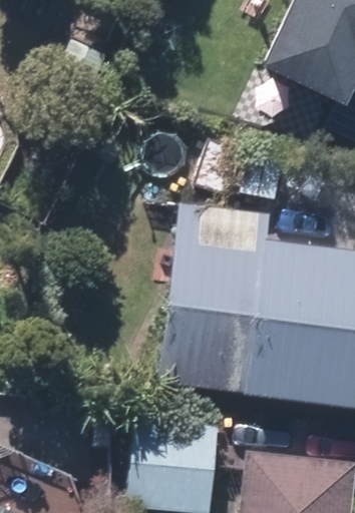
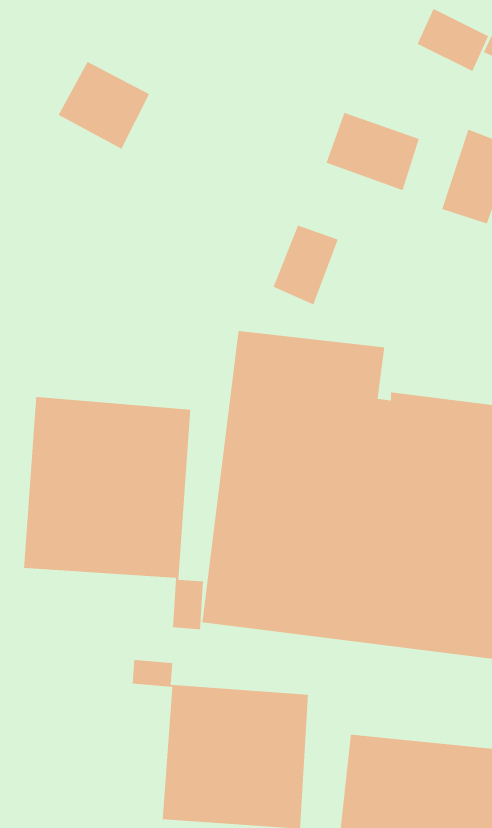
building: none -> [23,396,204,630]

